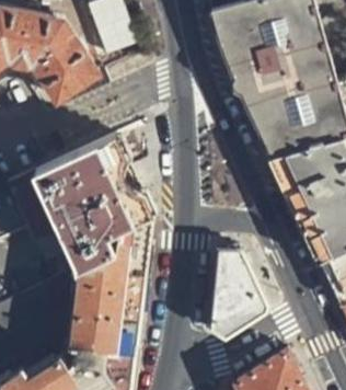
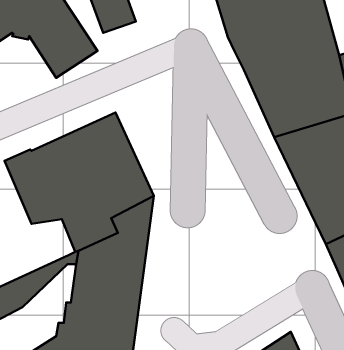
building: [210,250,266,337] -> none

